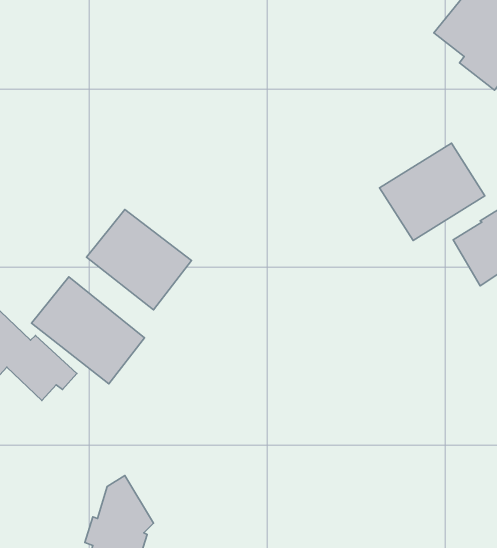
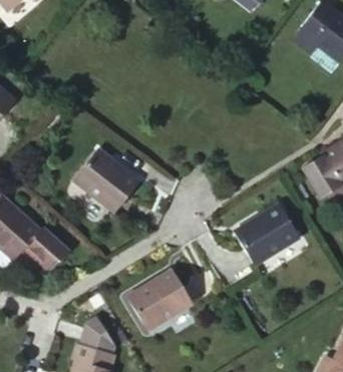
building: [380,143,485,240] -> [235,204,301,265]
building: [32,277,144,384] -> none
building: none -> [128,270,194,330]

